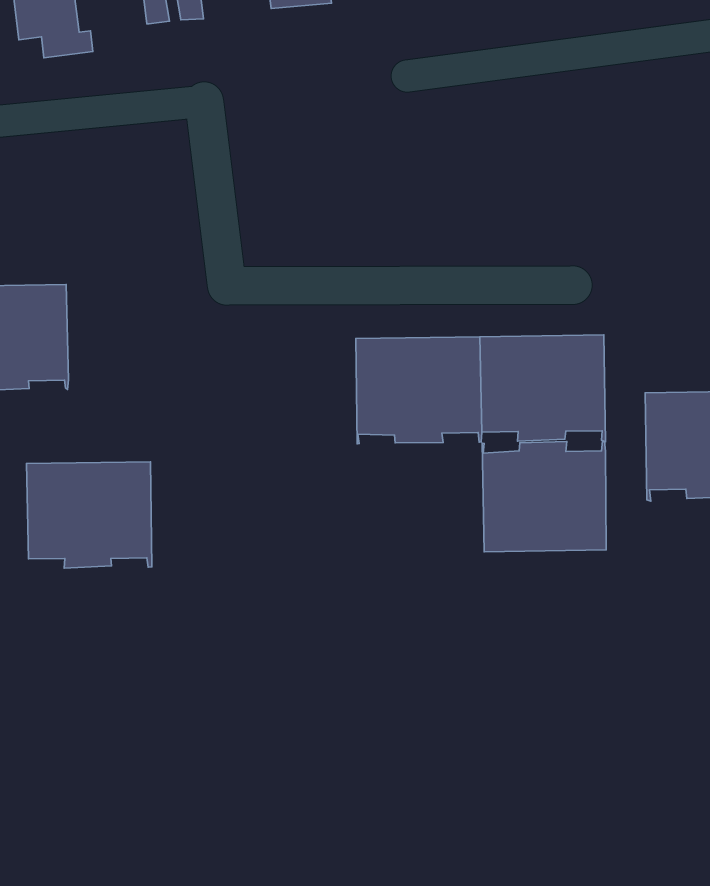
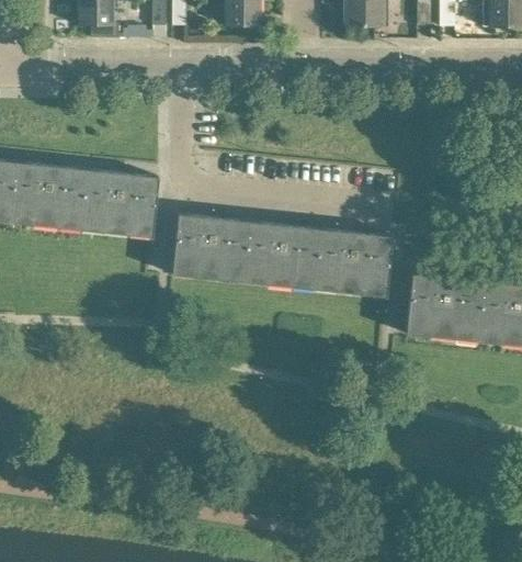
building: none -> [173,215,251,282]
building: [482,441,606,552] -> none
building: [26,462,152,568] -> [83,170,160,238]

